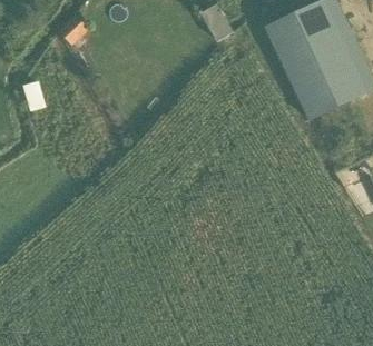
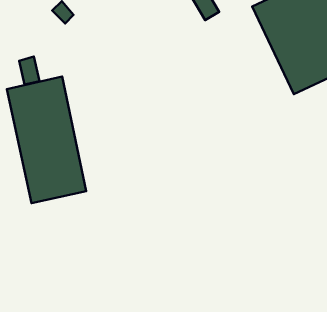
building: none -> [7,77,86,203]

